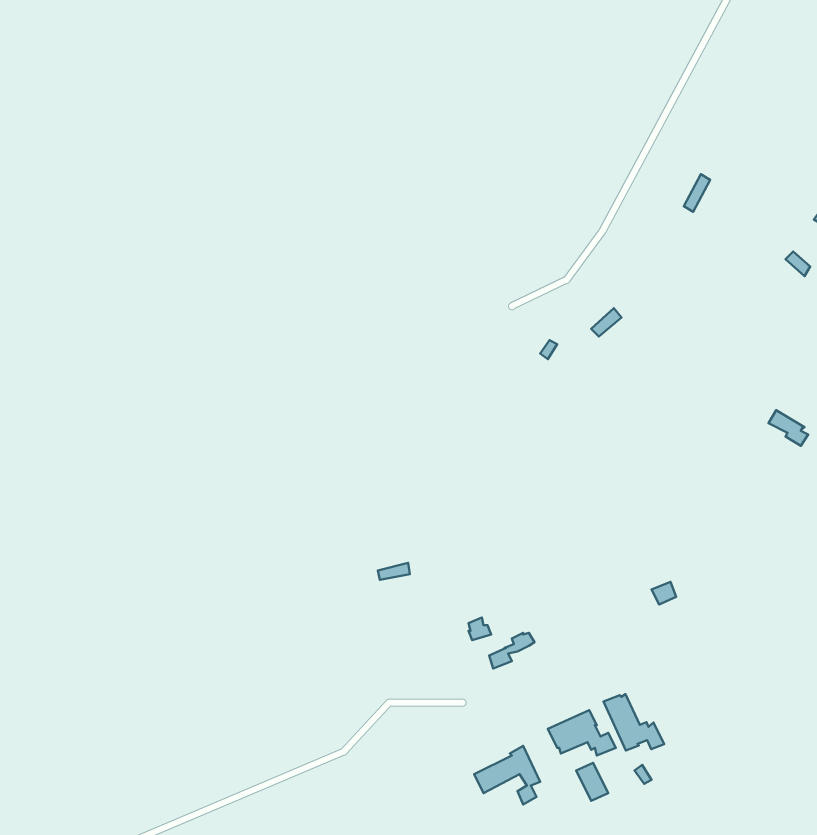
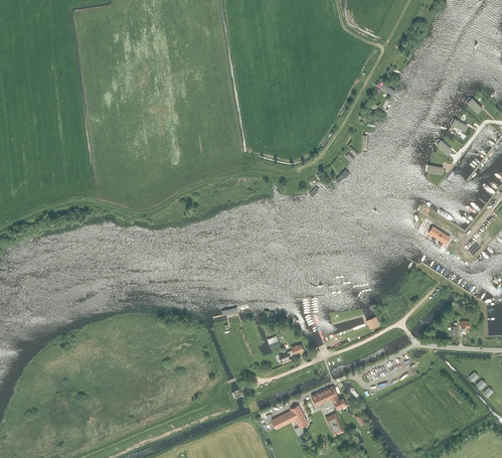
building: [603,694,664,751] -> none

